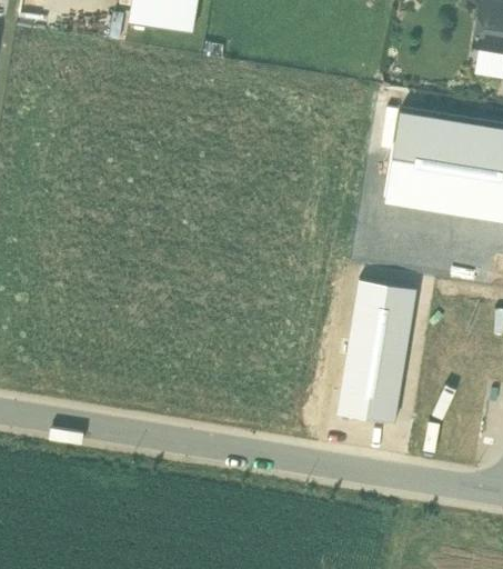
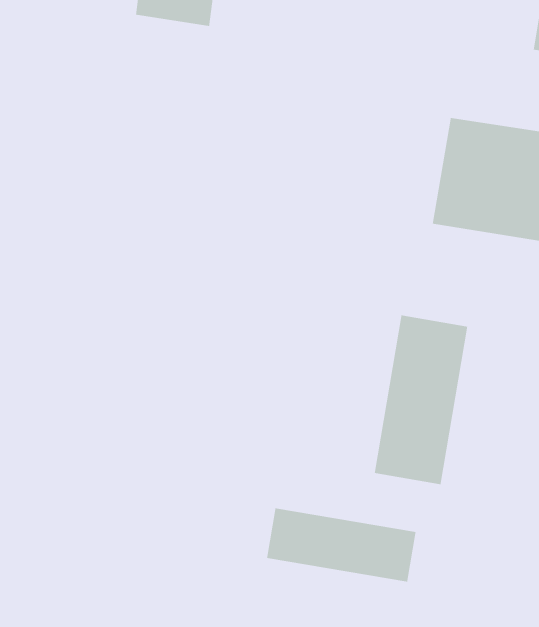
building: none -> [266,507,416,583]

